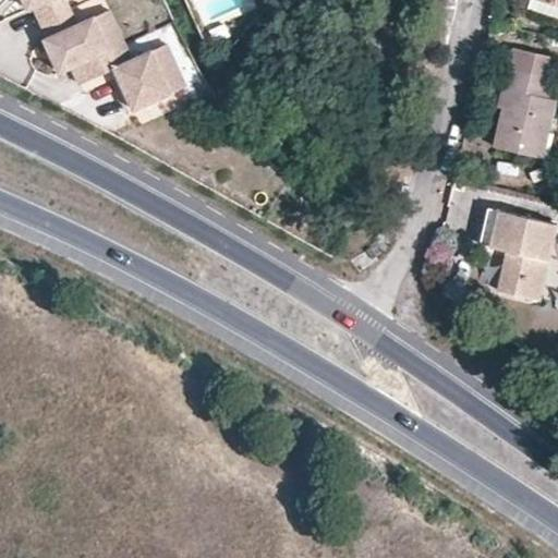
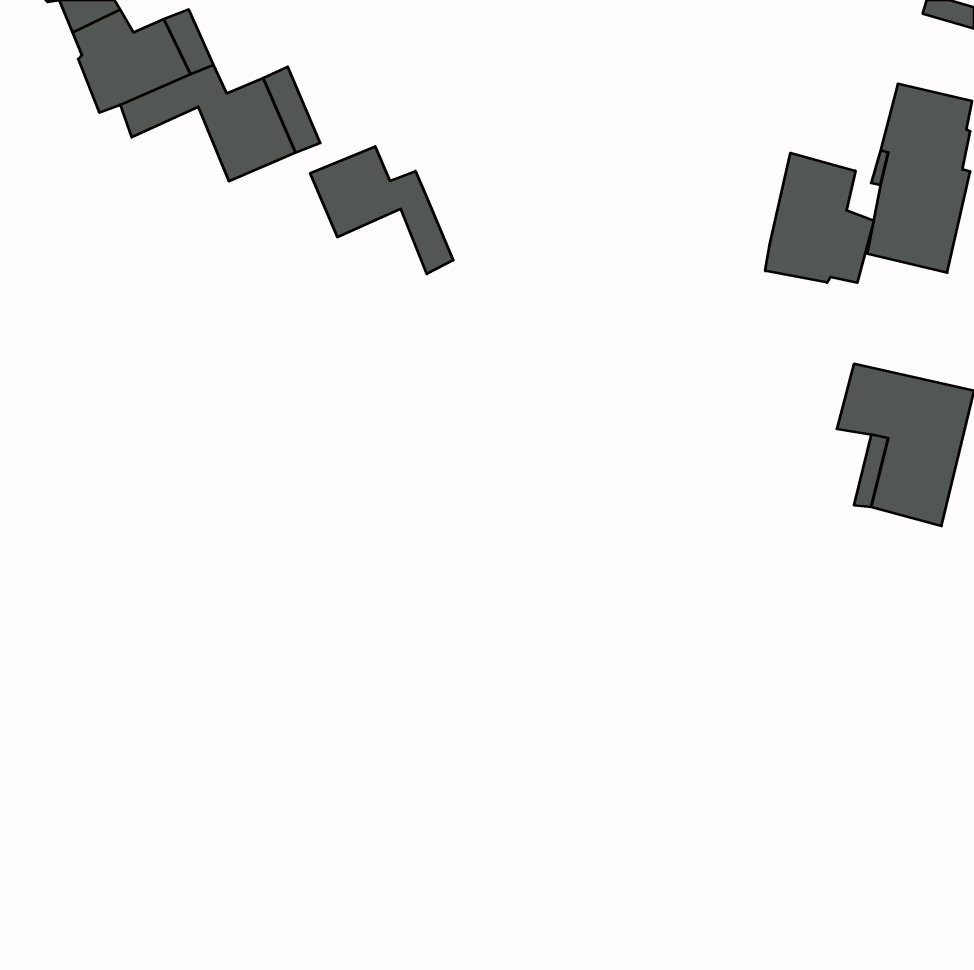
building: none -> [310,146,453,274]
building: none -> [765,153,874,283]

